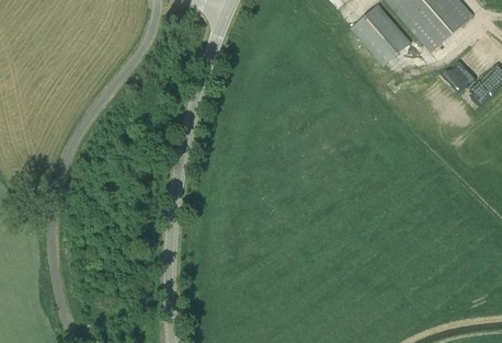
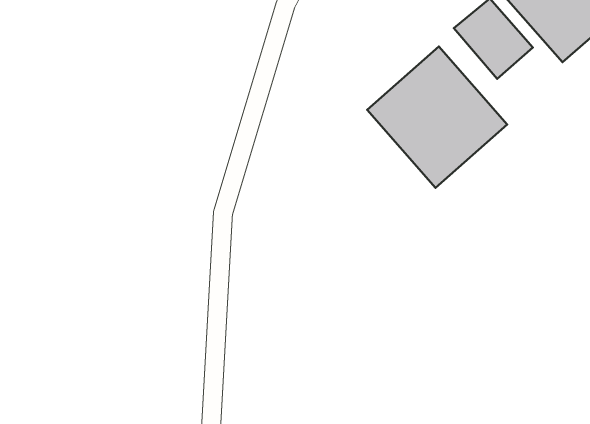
building: none -> [367,47,507,188]

